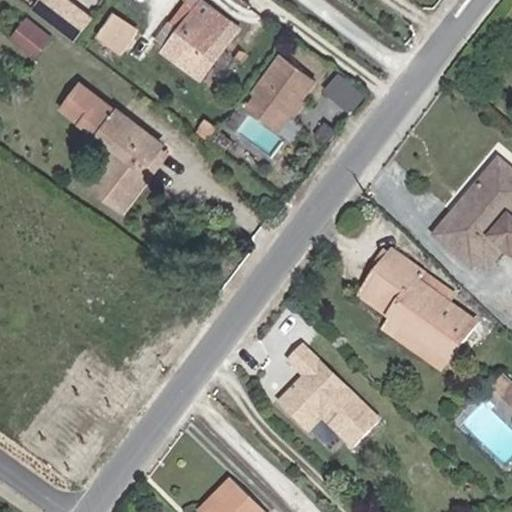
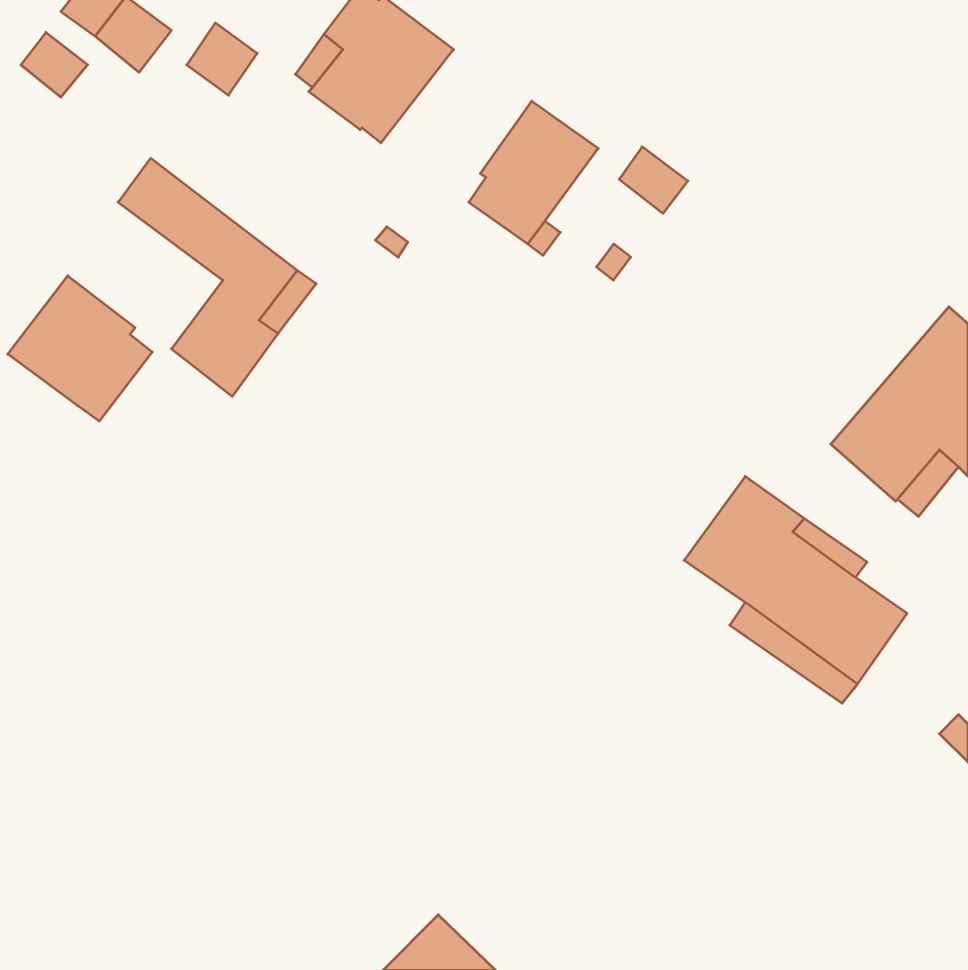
building: none -> [8,276,152,421]
building: [277,347,377,447] -> none

